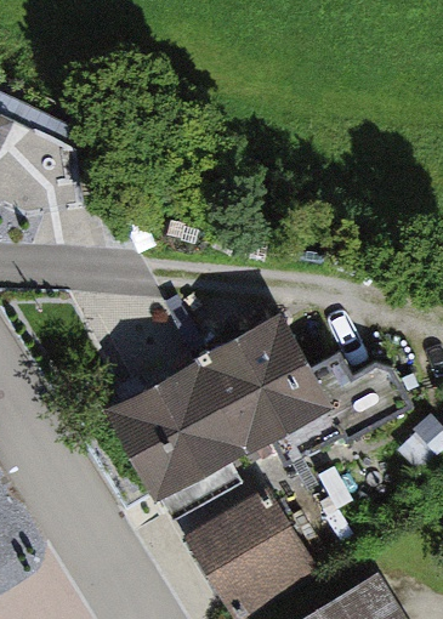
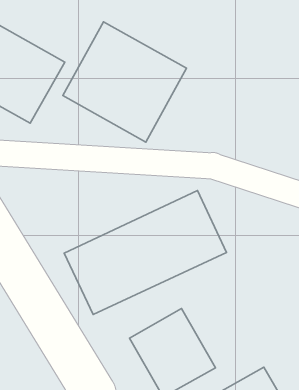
building: none -> [63,22,186,142]

